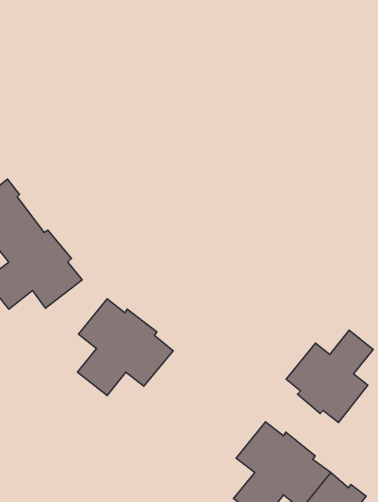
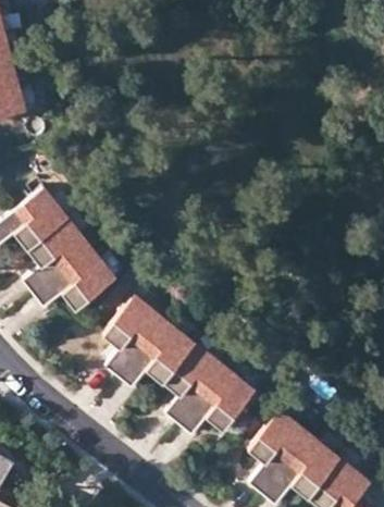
building: [286,330,373,423] -> none
building: none -> [166,346,253,434]

